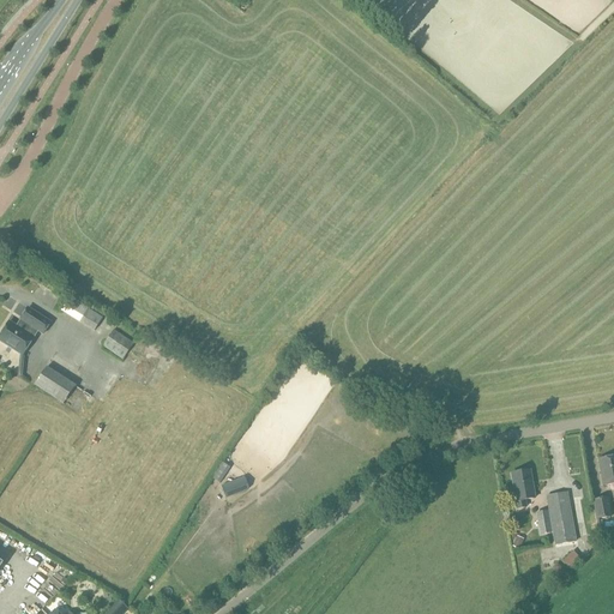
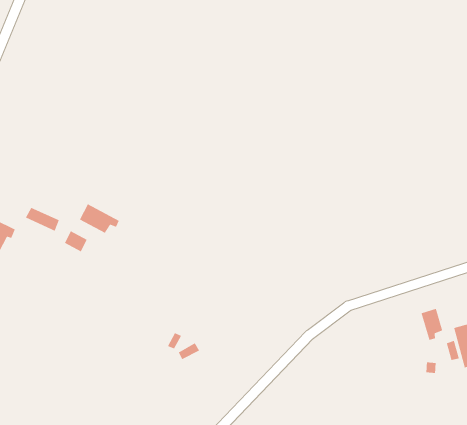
building: none -> [79,203,120,234]
building: [36,366,76,401] -> none

